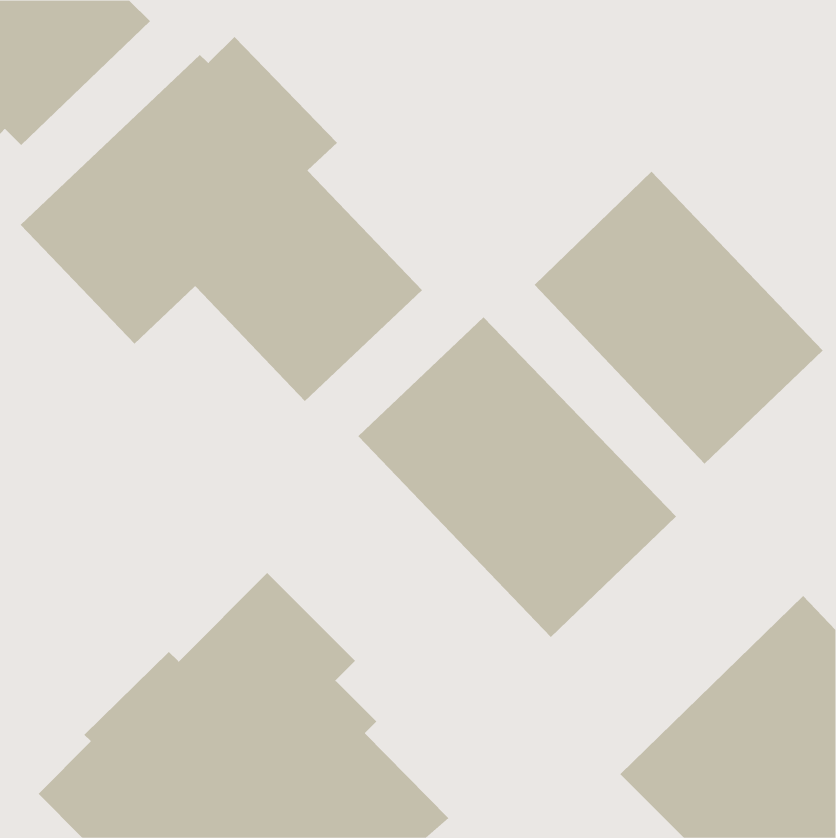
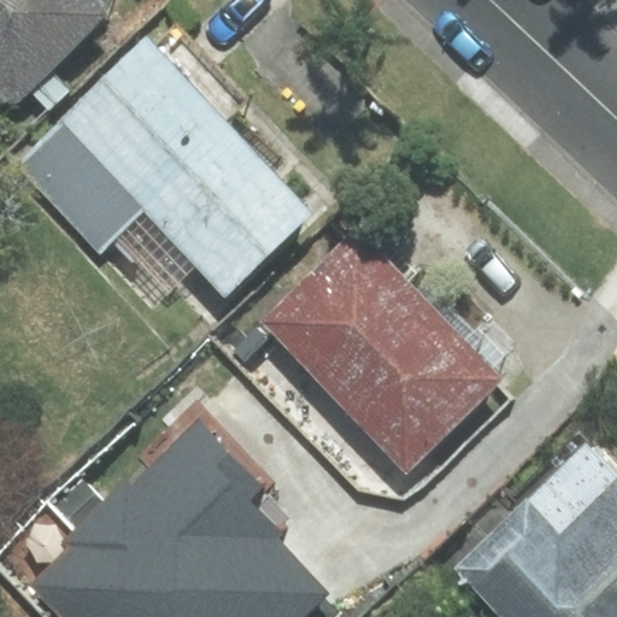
building: [534,171,824,464] -> none

